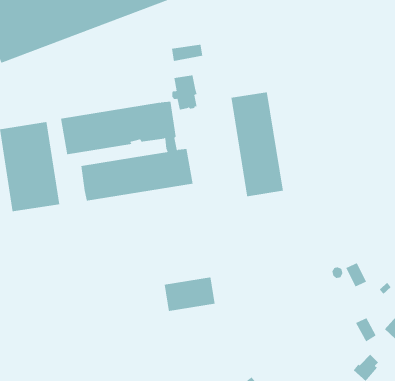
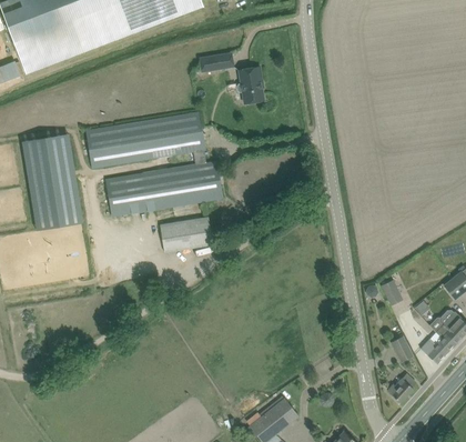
building: [172,75,197,110] -> [236,67,263,103]
building: [231,91,283,197] -> none
building: [164,277,216,311] -> [159,215,212,251]

